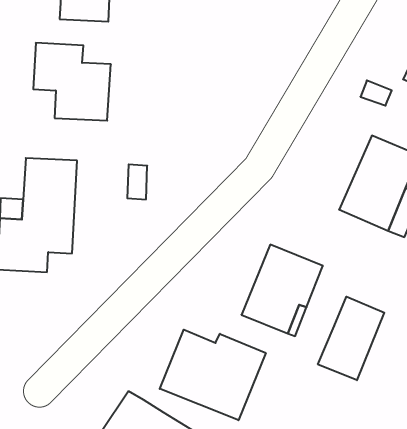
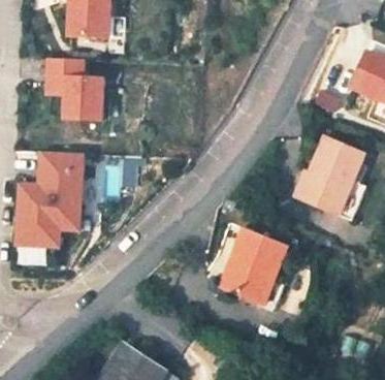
building: [318,297,384,380] -> none
building: [160,330,266,420] -> none

